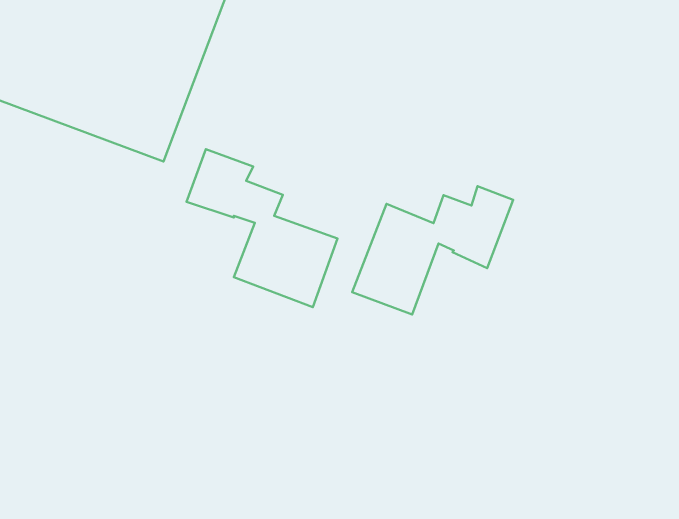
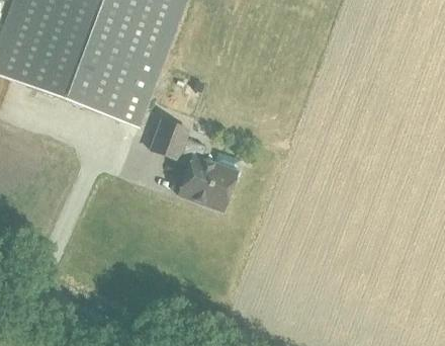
building: [352,186,513,315] -> none

